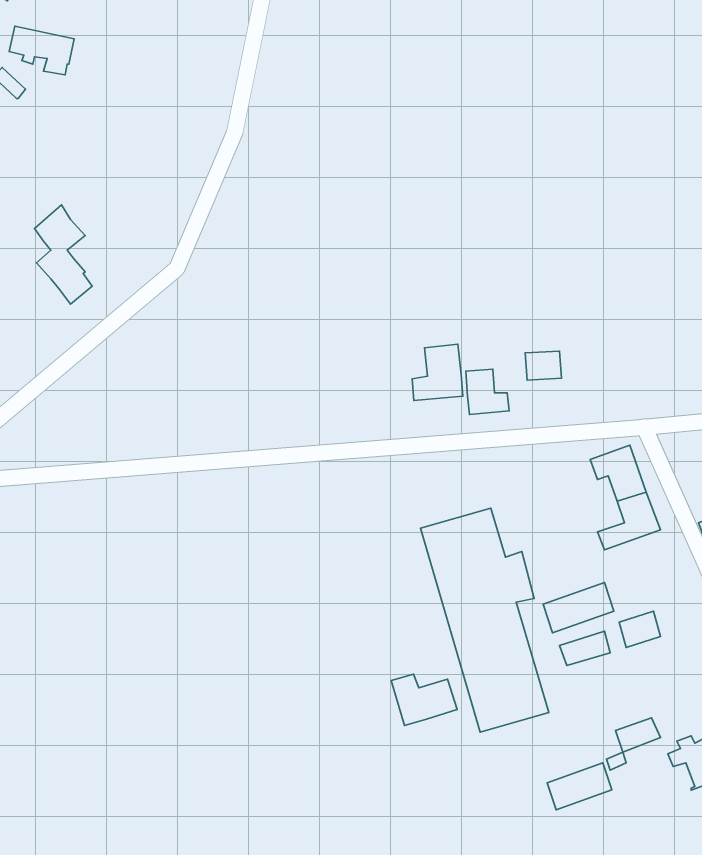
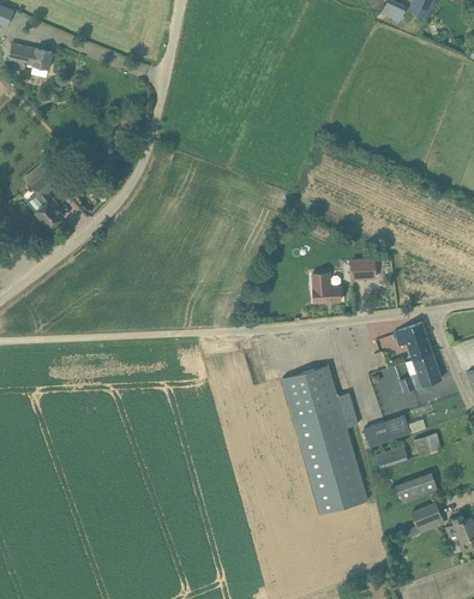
building: [412,344,463,401] -> none
building: none -> [370,366,403,417]
building: [391,674,457,725] -> none
building: [547,763,612,810] -> [395,472,438,503]

